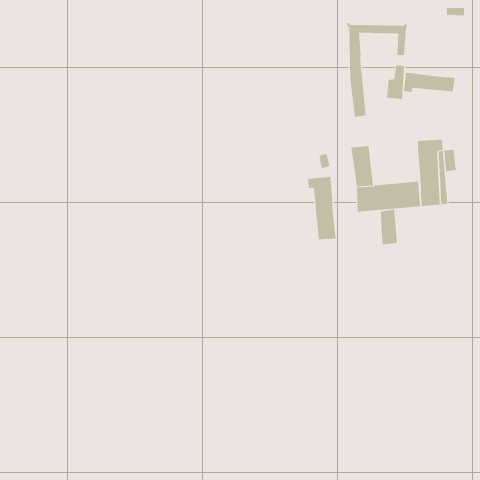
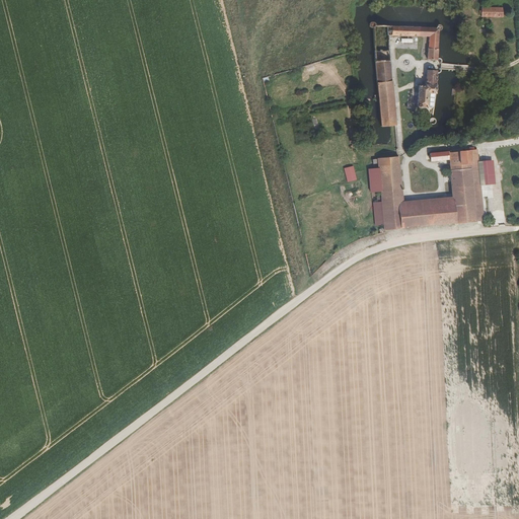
building: [403,72,455,93] -> none
building: [308,176,336,240] -> none
building: [380,209,398,245] -> none

